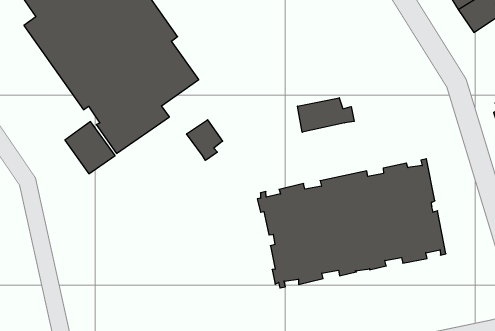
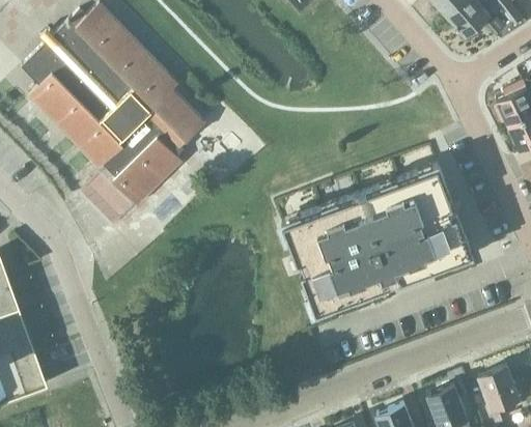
building: [298,98,354,132] -> none
building: [187,120,223,160] -> none

